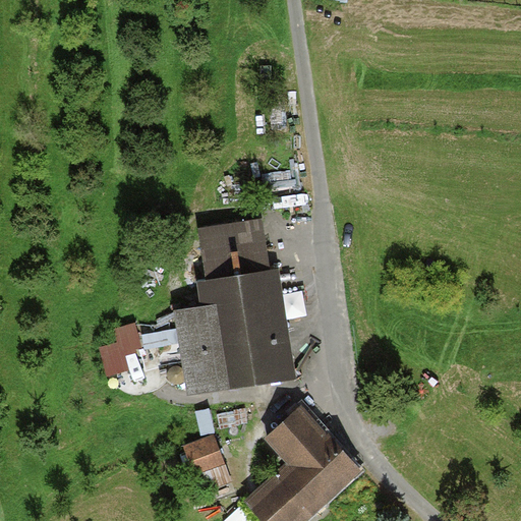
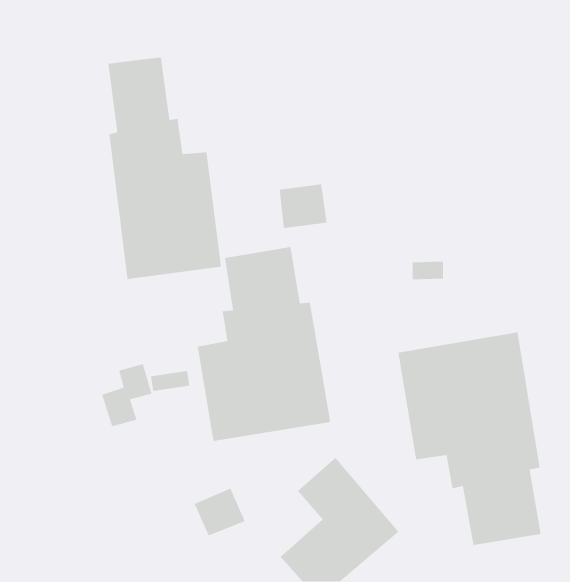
building: none -> [107,57,222,280]
building: none -> [397,332,541,546]

